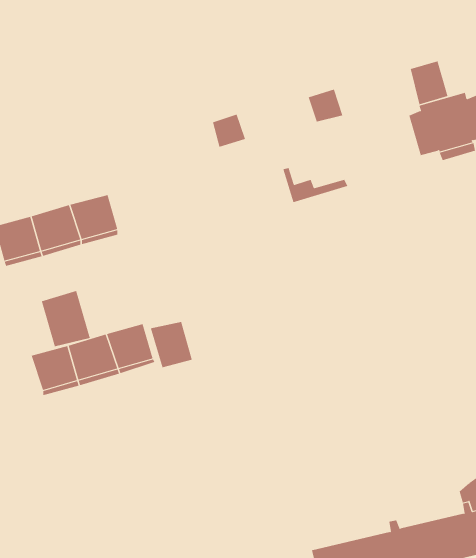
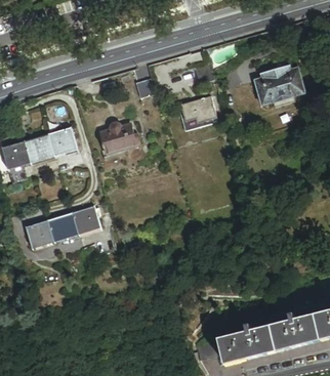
building: [410,60,448,105] -> none
building: none -> [180,94,216,122]
building: none -> [98,123,136,156]
building: [41,290,91,347] -> none
building: [150,321,193,368] -> none

